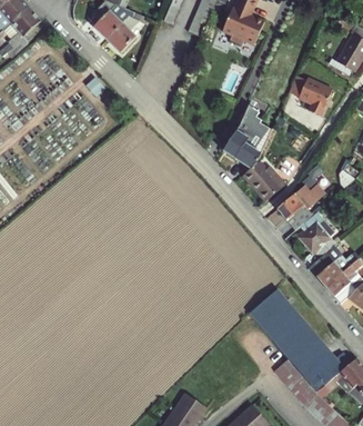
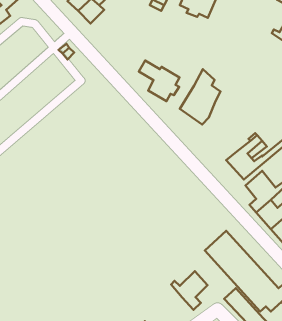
building: [286,76,330,116] -> none
building: none -> [139,60,180,101]
building: [240,160,283,201] -> none
building: none -> [171,271,208,310]

